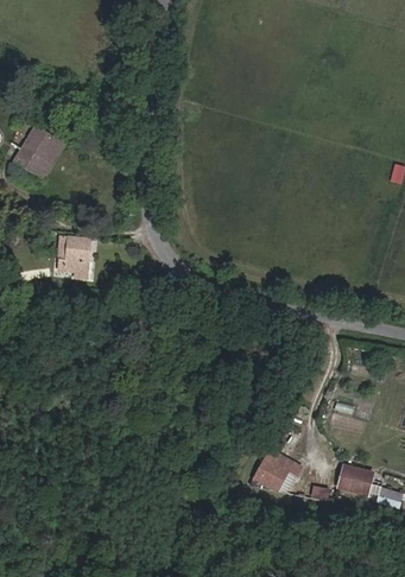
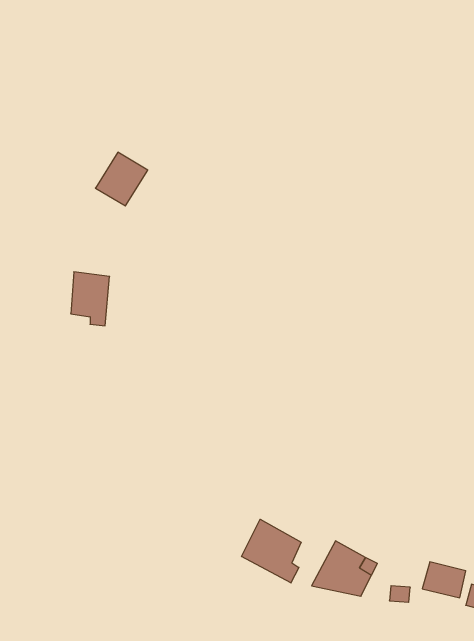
building: [18,132,59,175] -> [95,152,148,206]
building: none -> [242,519,301,583]

